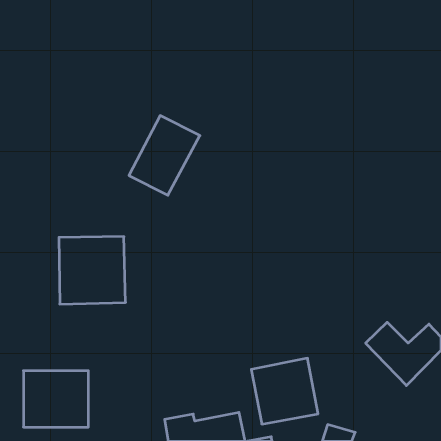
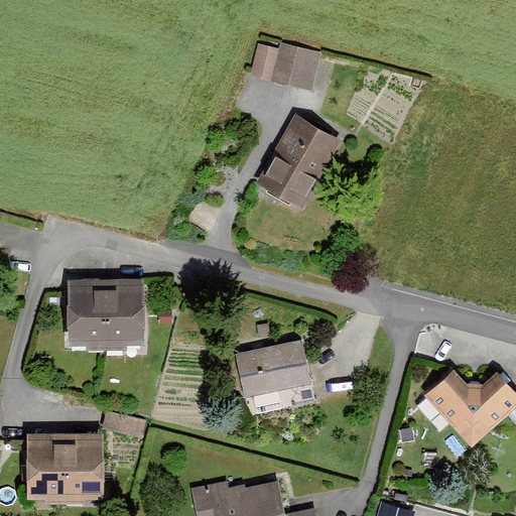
building: none -> [250,42,320,91]
building: [129,116,200,195] -> [257,115,340,208]
building: [251,358,318,424] -> [236,340,313,416]

